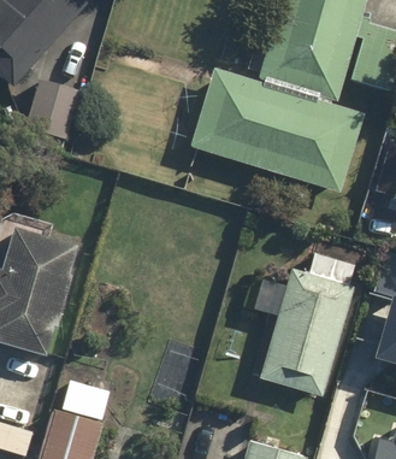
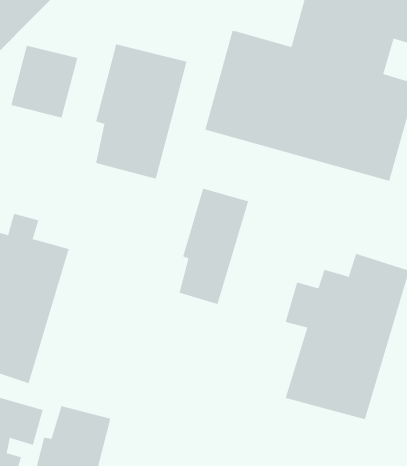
building: none -> [95,44,187,179]
building: none -> [179,188,249,305]

